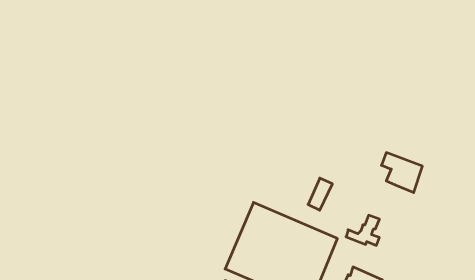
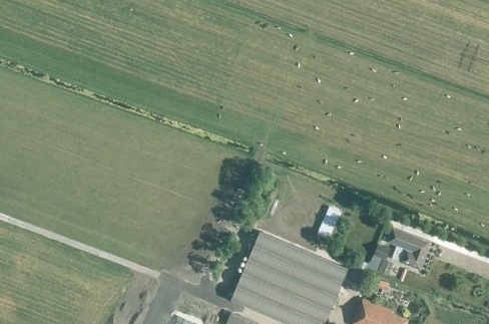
building: [381,153,422,193] -> [388,228,430,269]

